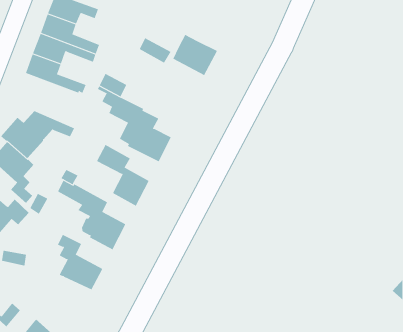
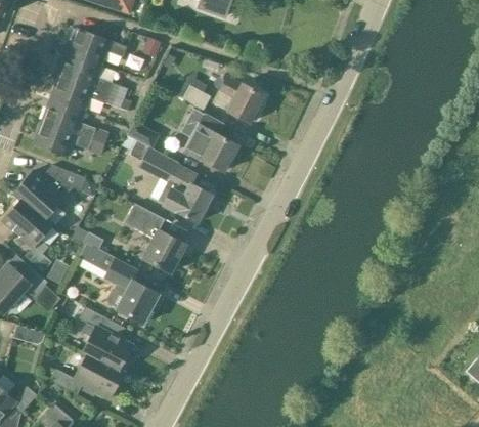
building: none -> [180,109,237,172]
building: none -> [33,121,104,158]
building: none -> [50,355,124,399]

